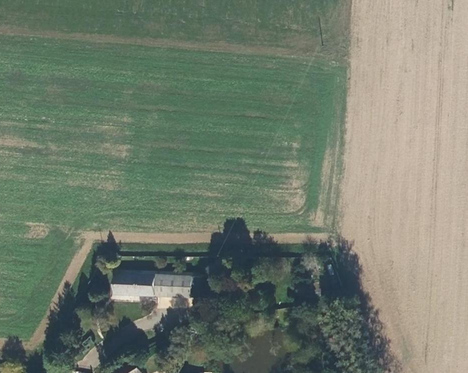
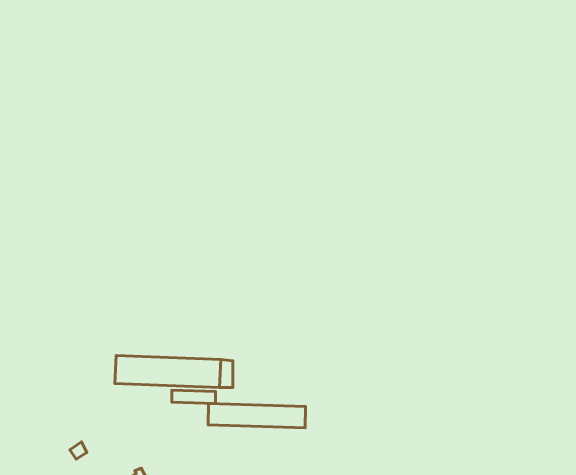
building: none -> [208,404,306,428]

